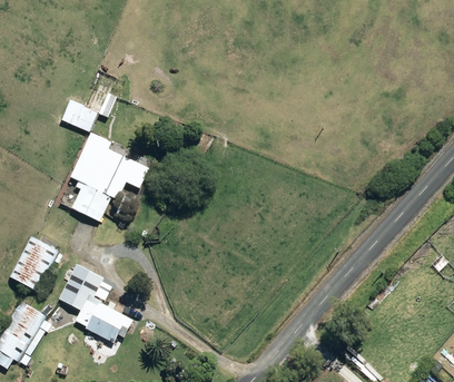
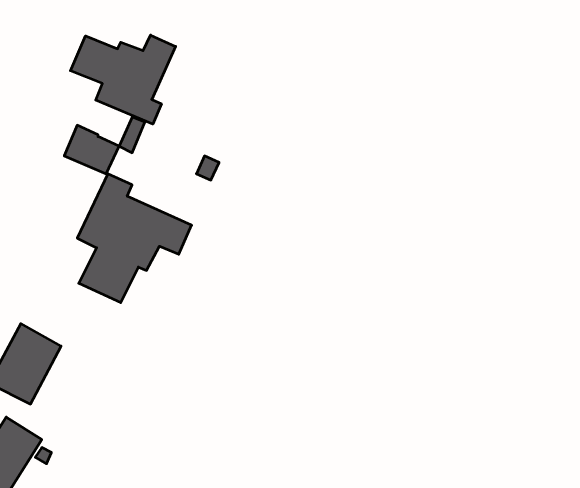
building: none -> [70,35,176,124]
building: [59,264,134,343] -> none

